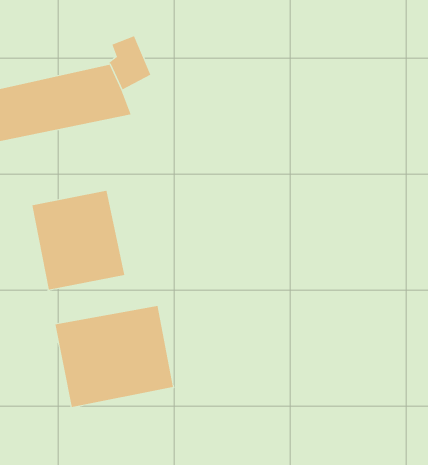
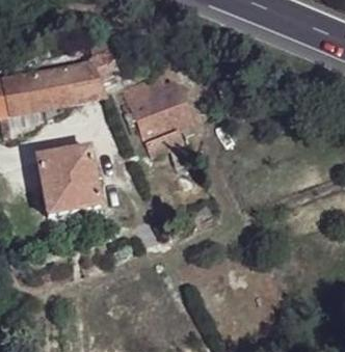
building: none -> [121,73,195,156]
building: [55,305,174,408] -> none

